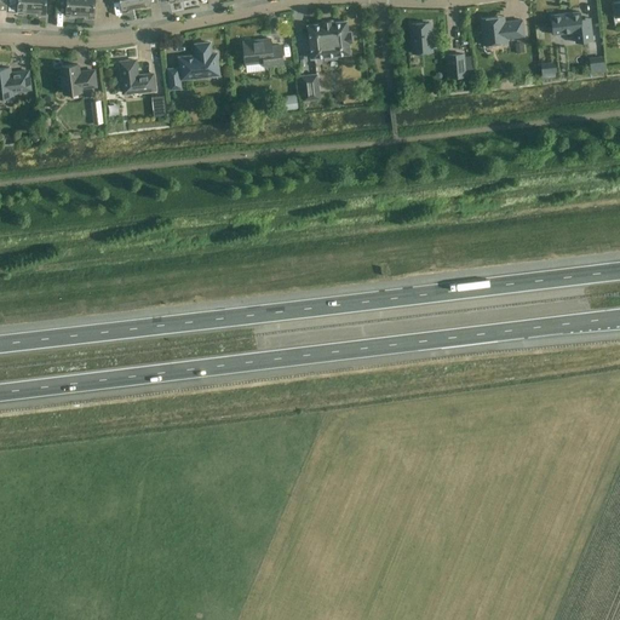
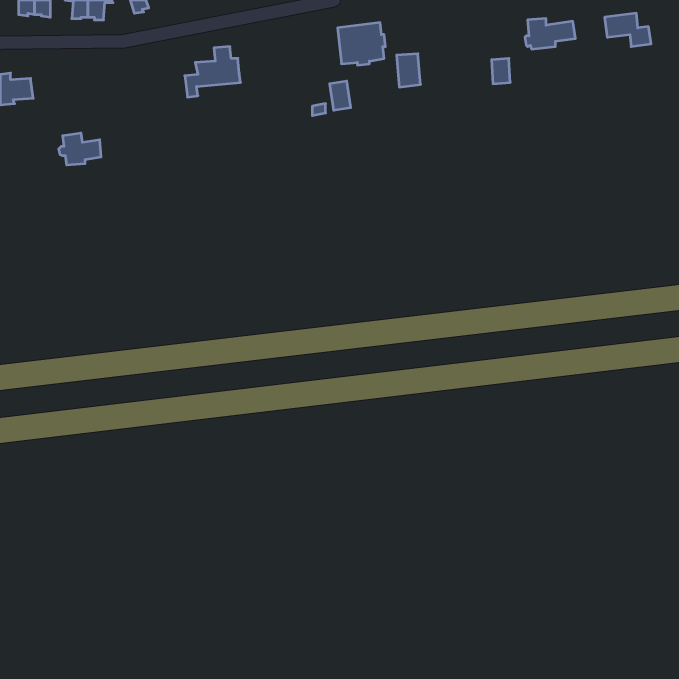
building: [411,23,432,53] -> [397,54,421,87]
building: [243,39,283,65] -> none
building: [119,61,155,93] -> none
building: [57,64,96,93] -> [59,133,101,165]

